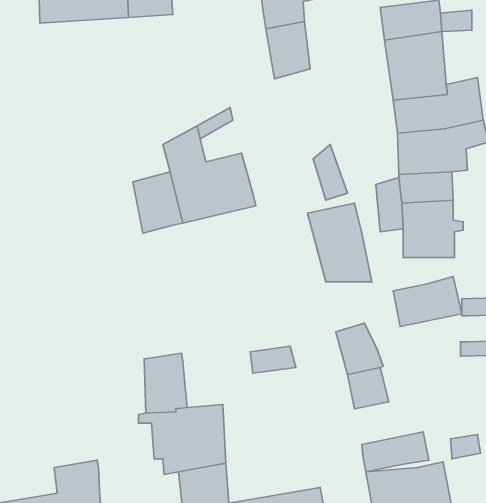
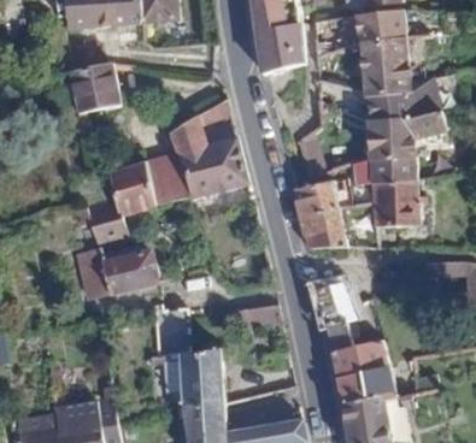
building: none -> [67,64,118,114]
building: none -> [78,163,153,248]
building: [393,277,462,327] -> [331,342,389,384]
building: none -> [92,253,157,293]

